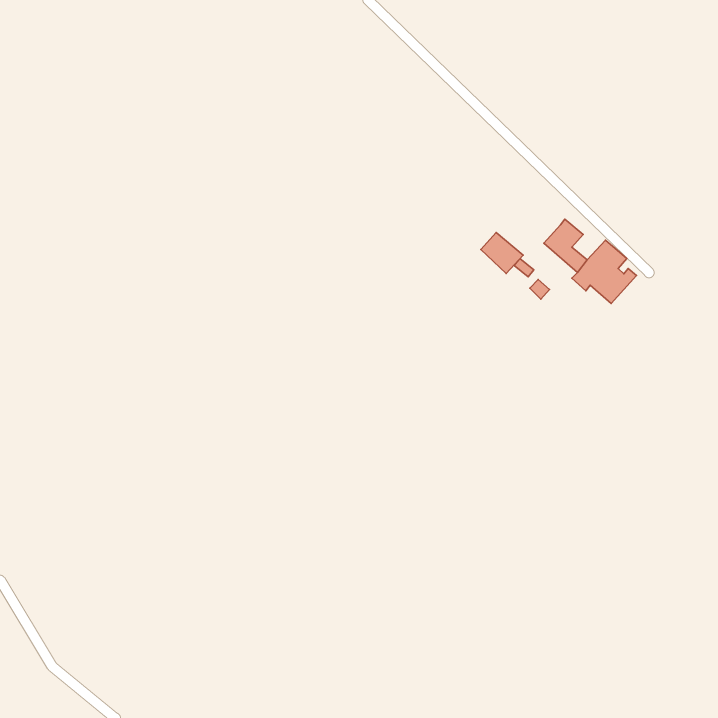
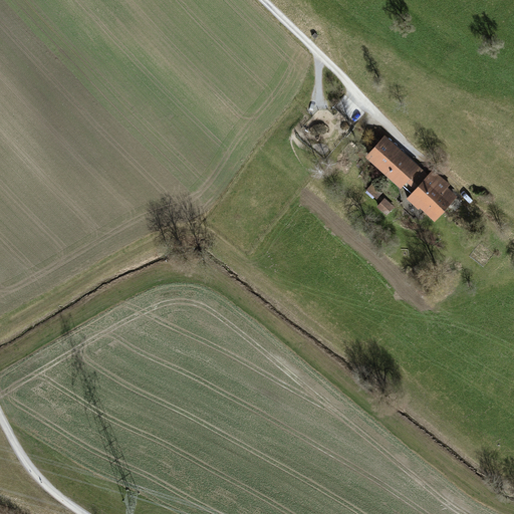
building: [481,233,523,273] -> [370,145,401,174]

